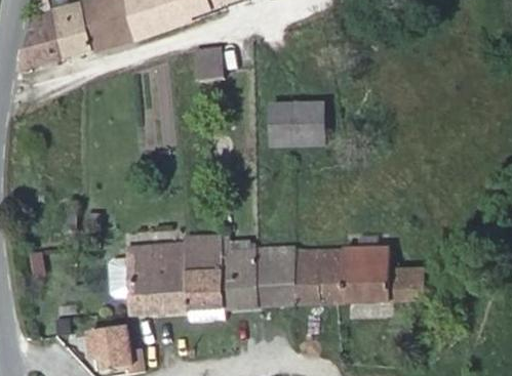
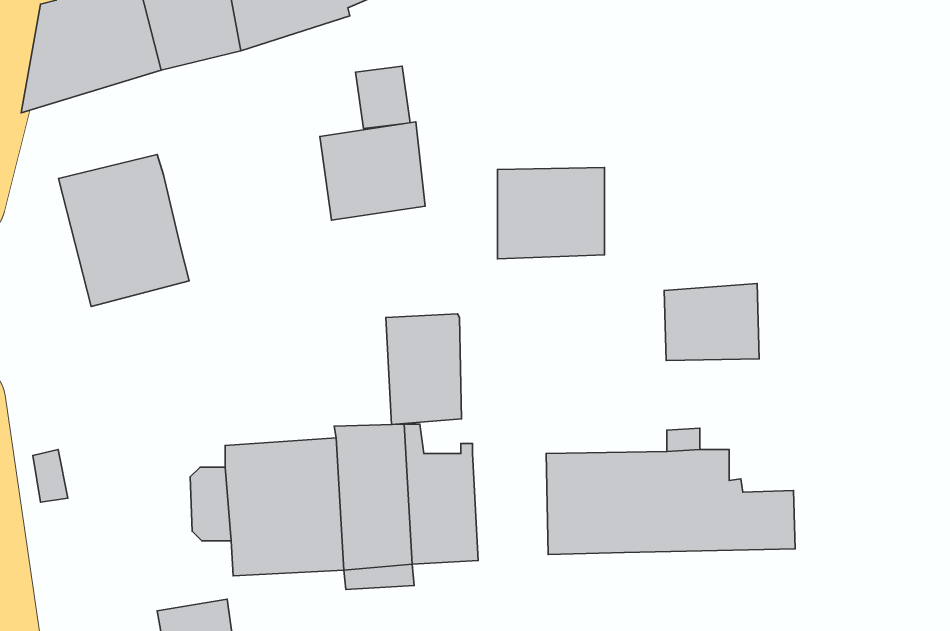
building: none -> [320,122,425,220]
building: none -> [58,154,189,307]
building: none -> [664,284,759,361]
building: [255,248,296,306] -> [386,314,462,425]

